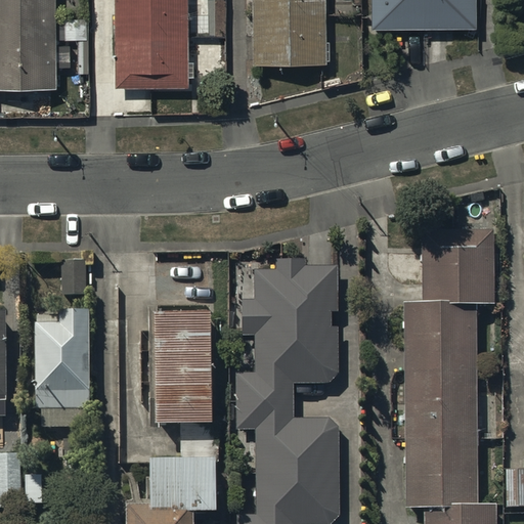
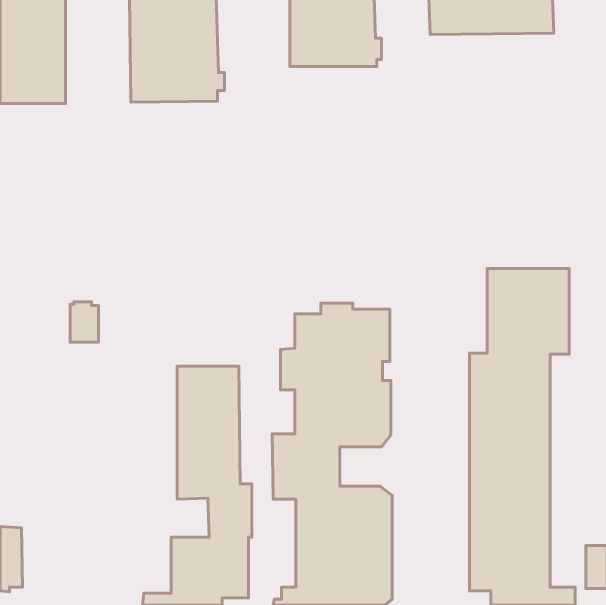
building: [35,311,89,428] -> none

